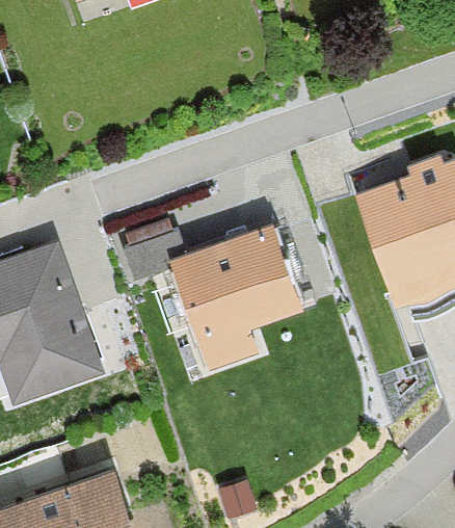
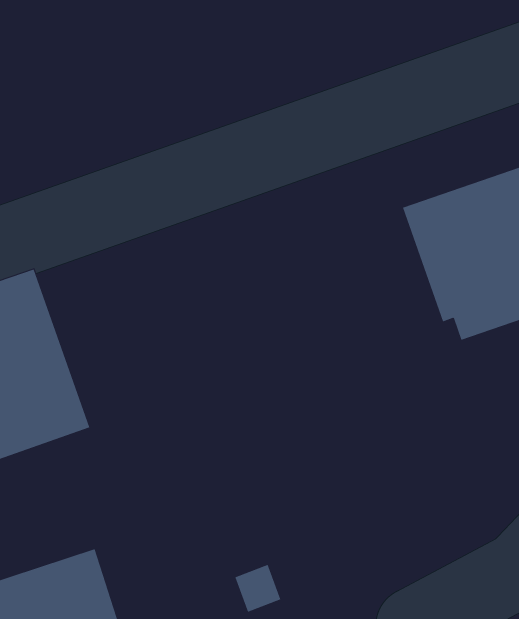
building: [165,223,298,370] -> none

